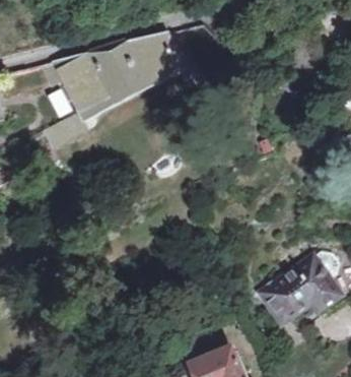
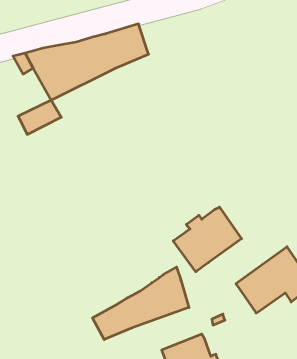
building: none -> [173,207,242,272]
building: none -> [93,267,189,340]

